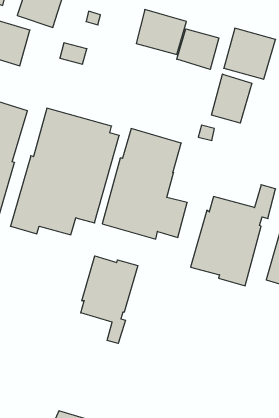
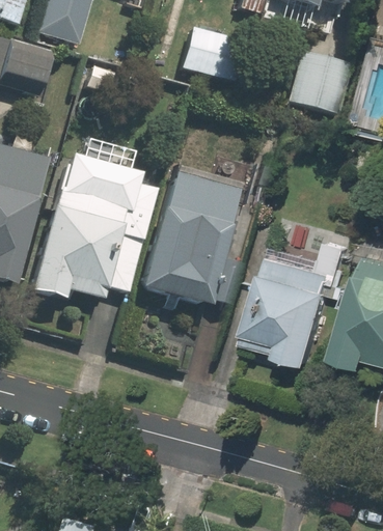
building: [177,29,219,69] -> none
building: [211,74,252,123] -> none
building: [81,256,138,343] -> none

